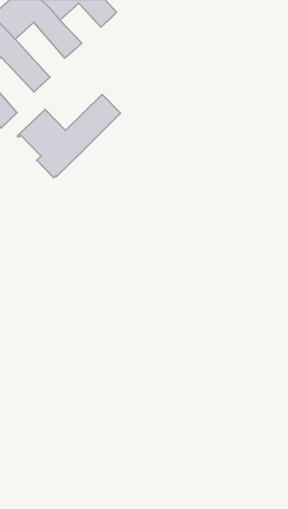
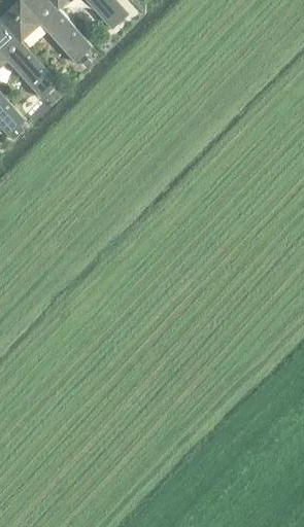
building: [17,95,120,178] -> none

